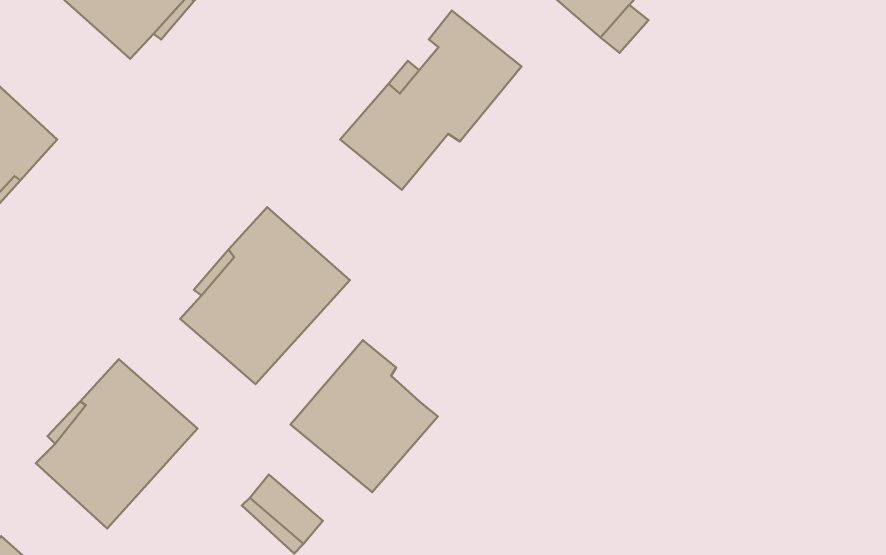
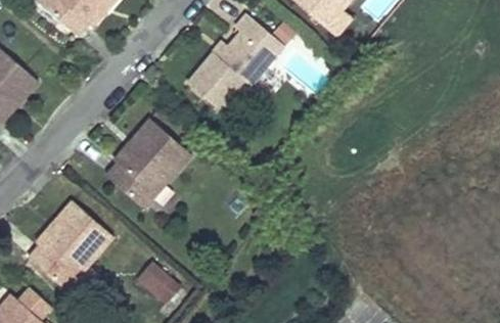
building: [290,340,438,492] -> none

